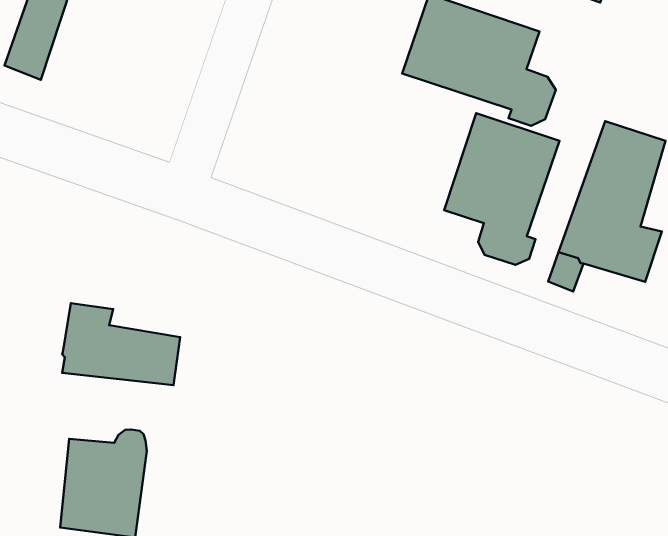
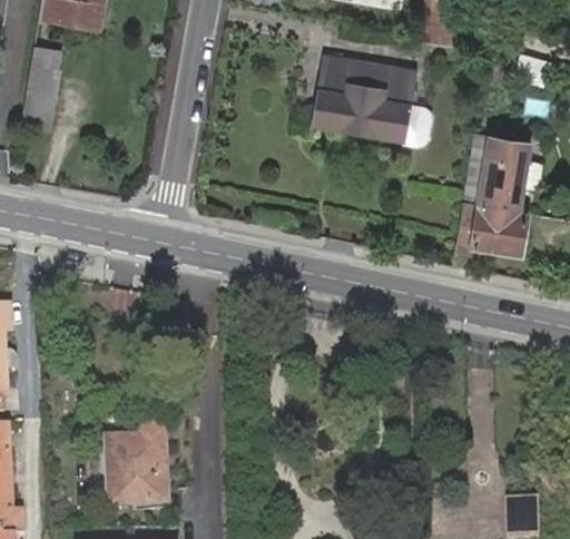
building: [444,113,559,265] -> none
building: [62,303,180,385] -> none

